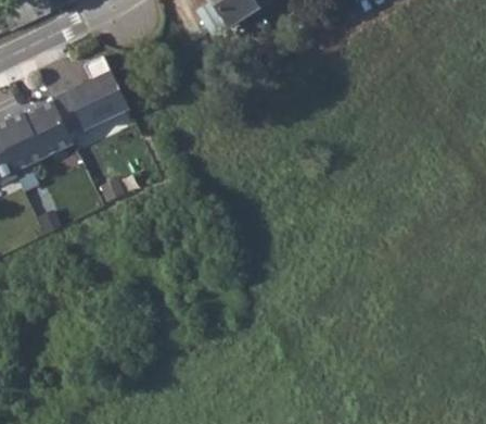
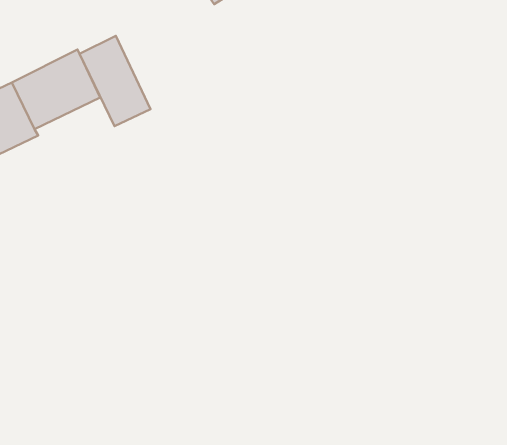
building: none -> [79,36,150,126]

